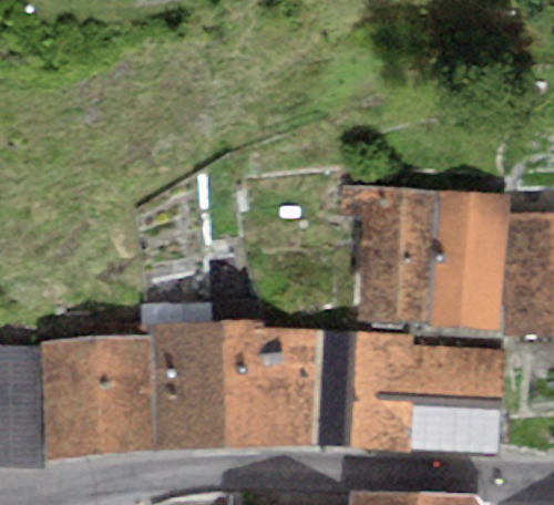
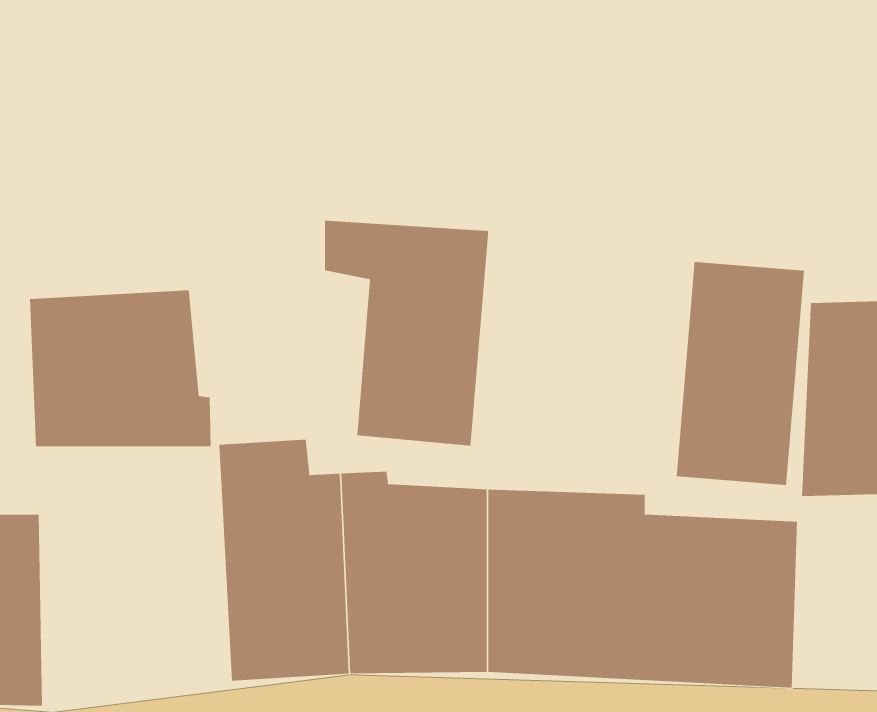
building: [337,184,439,323] -> [324,220,489,446]
building: none -> [30,290,211,447]
building: [43,339,153,453] -> none

